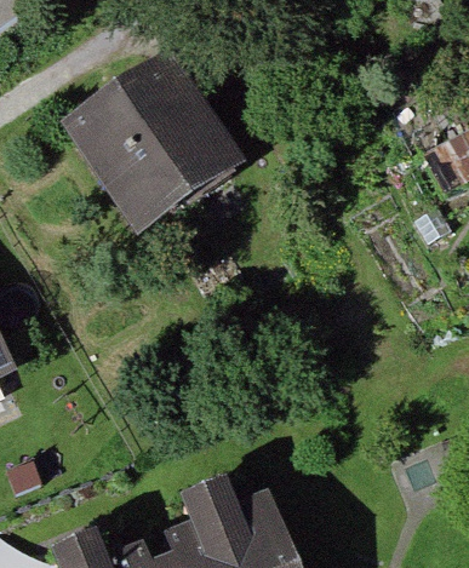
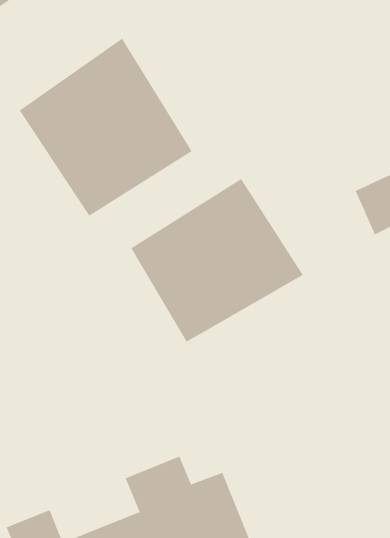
building: none -> [130,178,303,343]

